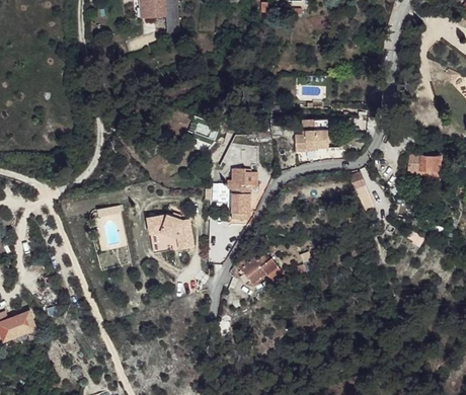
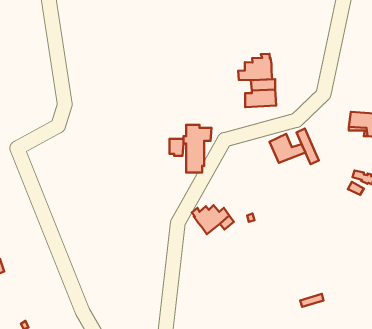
building: none -> [238,54,272,80]
building: none -> [270,134,305,163]
building: [148,215,193,253] -> none

